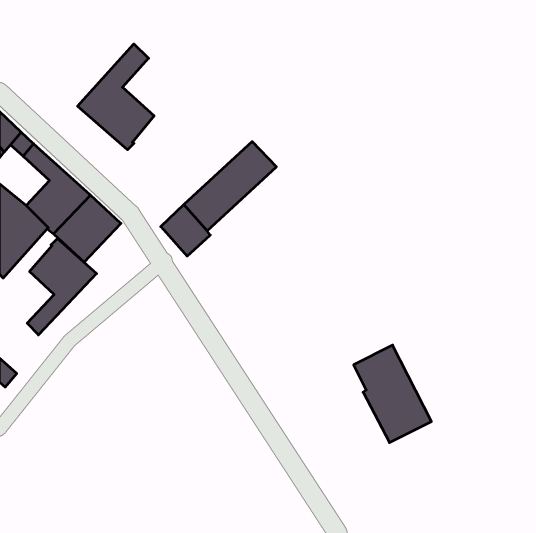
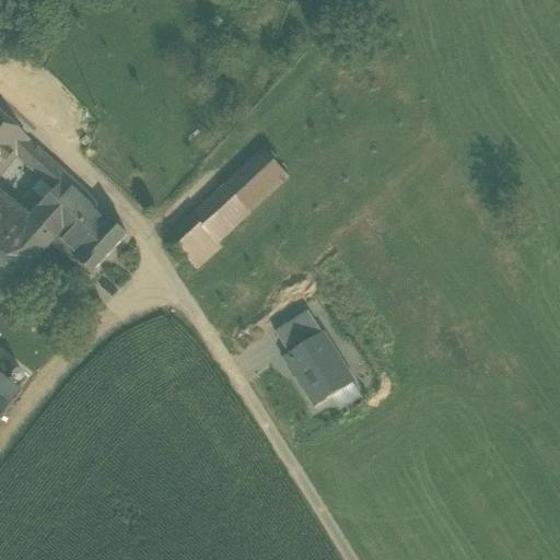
building: [78,44,154,150] -> none
building: [27,238,97,335] -> none
building: [354,345,431,443] -> [276,305,357,407]

